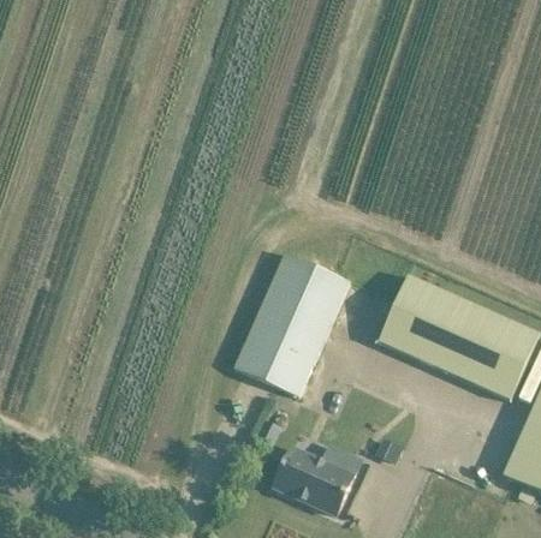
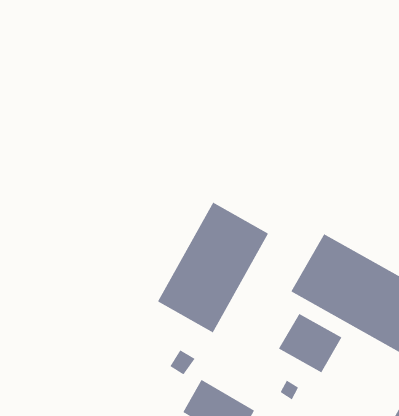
building: none -> [278,313,342,373]

